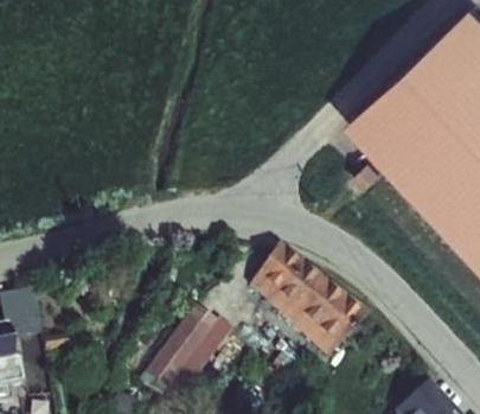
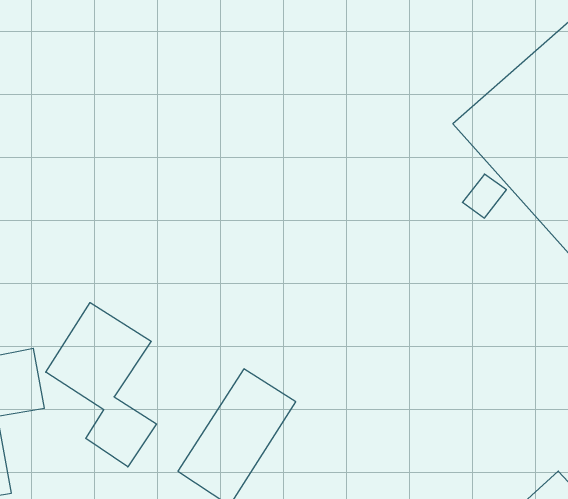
building: [244,240,366,357] -> none
building: none -> [46,303,157,467]

